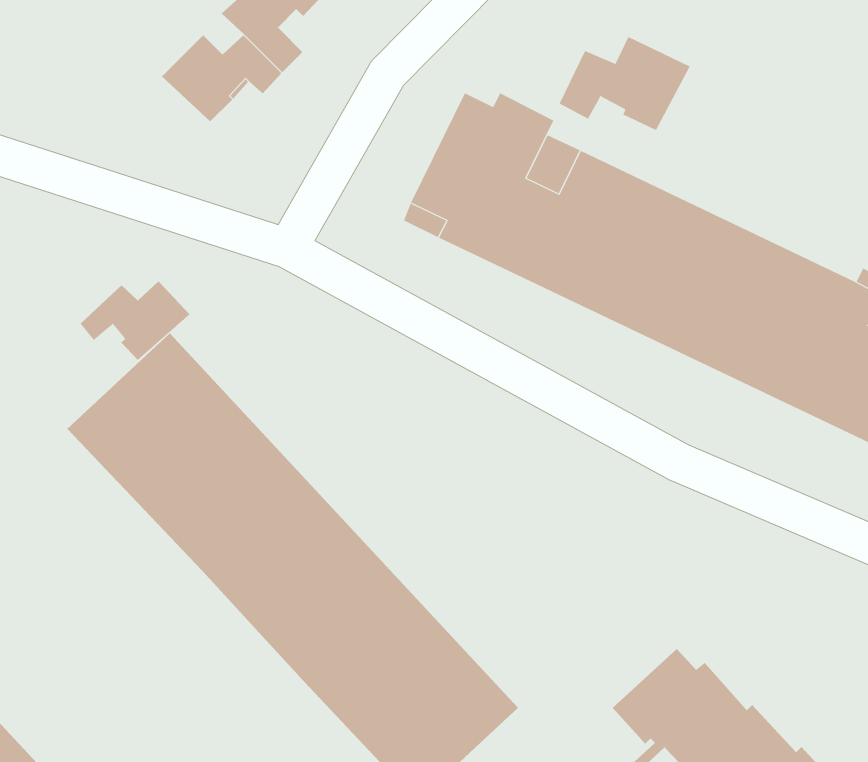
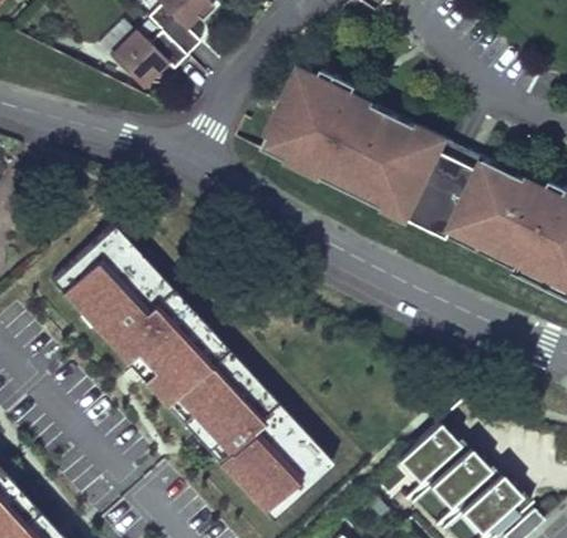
building: [559,36,691,131] -> none
building: [80,280,190,361] -> none

